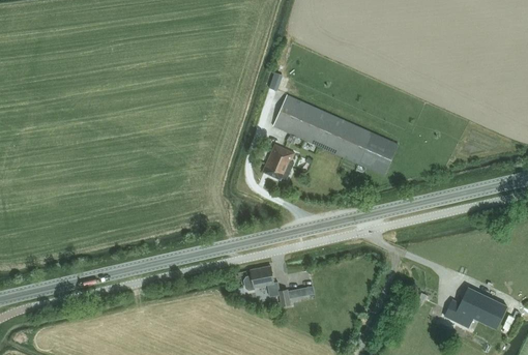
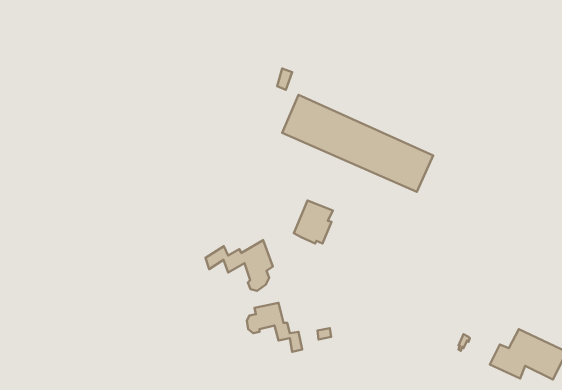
building: [263,144,295,179] -> [294,201,333,243]
building: none -> [205,240,273,291]

